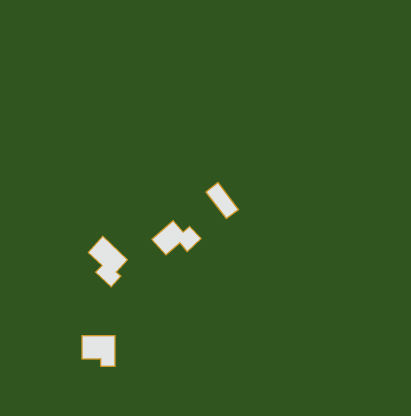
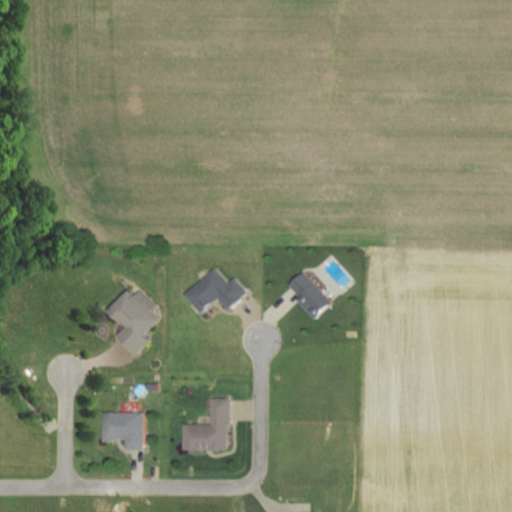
building: [206,182,239,218] -> [287,274,327,318]
building: none -> [182,398,231,449]

